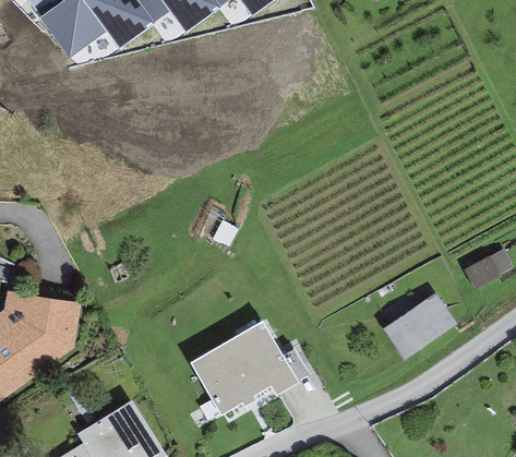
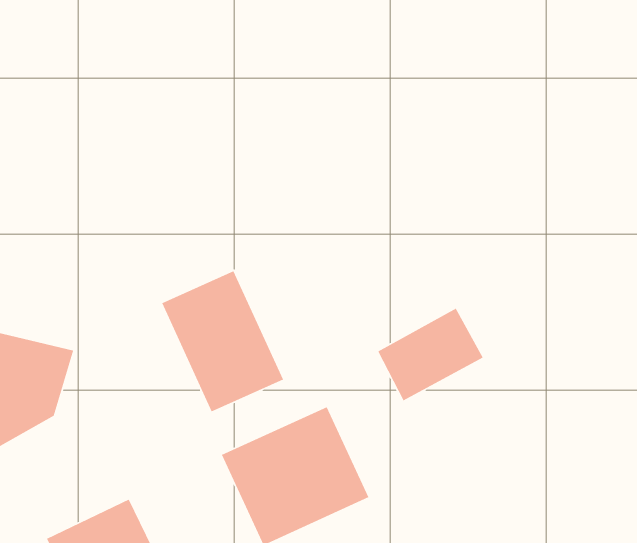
building: none -> [161,270,284,413]
building: [383,293,457,362] -> [377,308,484,401]

